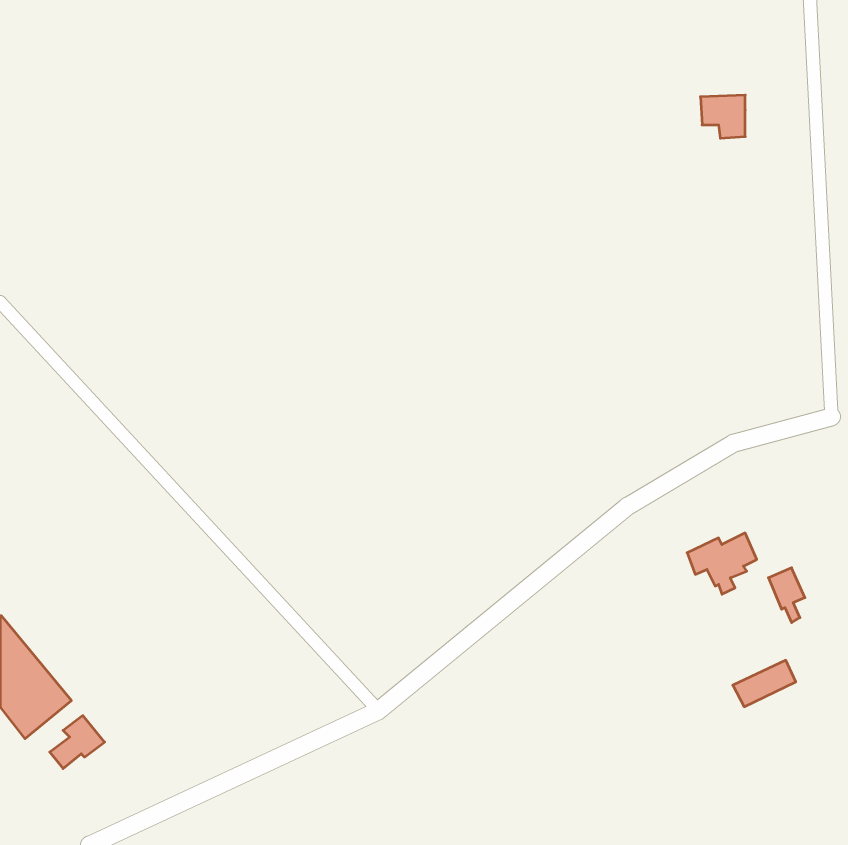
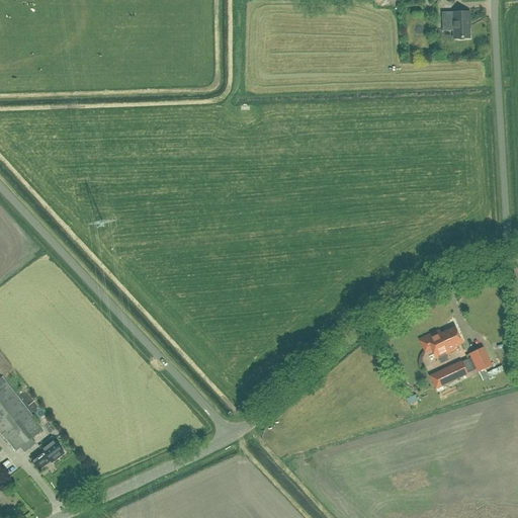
building: [700,95,745,138] -> [441,11,468,37]
building: [733,660,796,707] -> [428,359,466,387]

